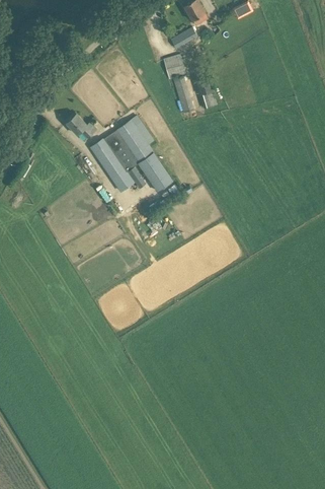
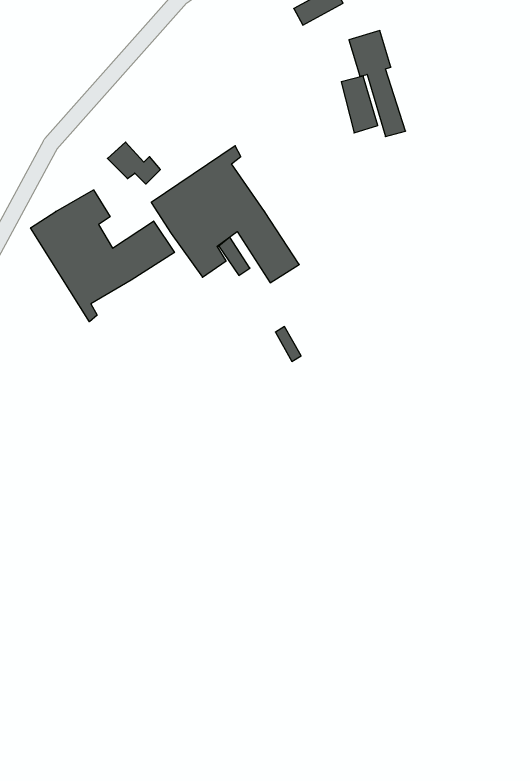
building: [163,55,194,114] -> [349,31,406,137]
building: none -> [31,190,174,322]

